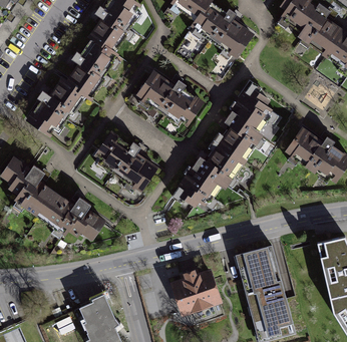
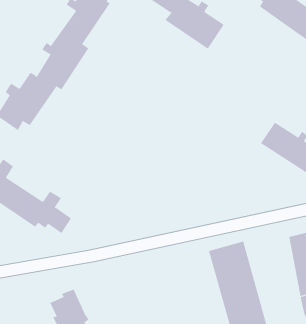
building: [138,72,201,125] -> none
building: [171,86,276,205] -> none
building: [93,135,156,189] -> none
building: [172,271,219,315] -> none

